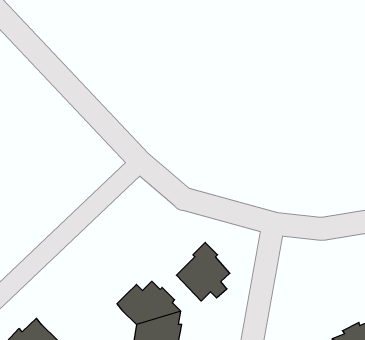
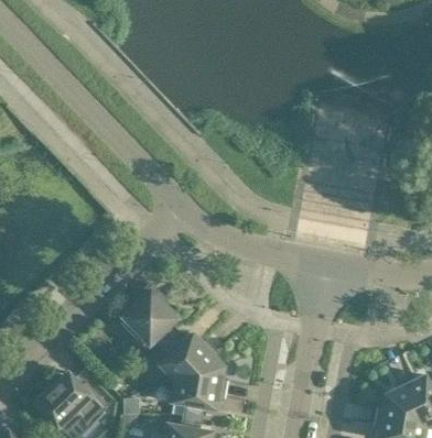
building: [176,242,230,301] -> [119,284,176,347]

